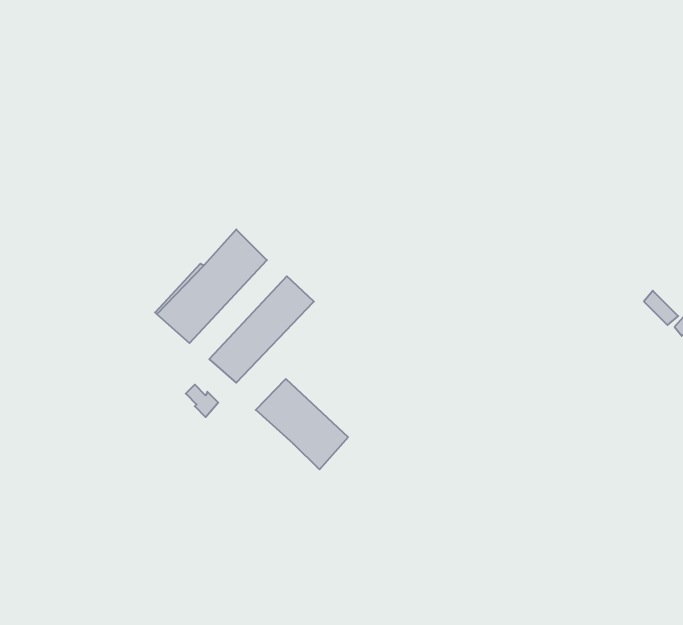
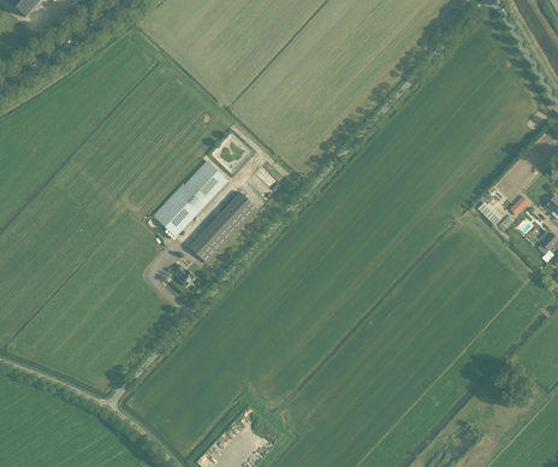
building: [256,379,348,469] -> none

